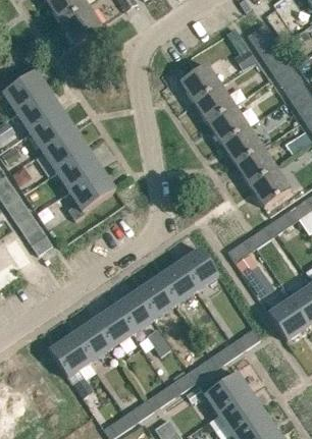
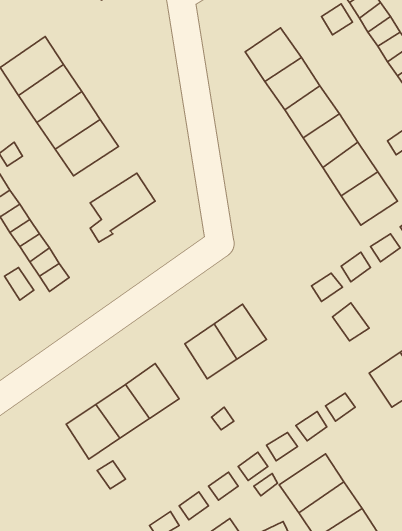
building: [55,149,101,189] -> none
building: [177,249,217,288] -> none
building: [114,291,152,331] -> none

